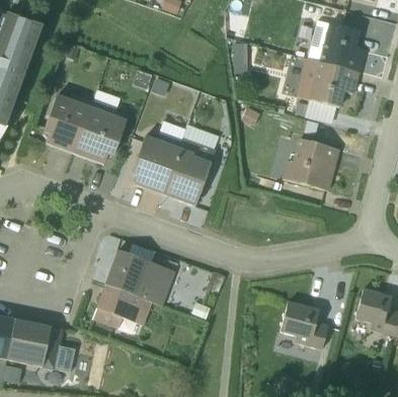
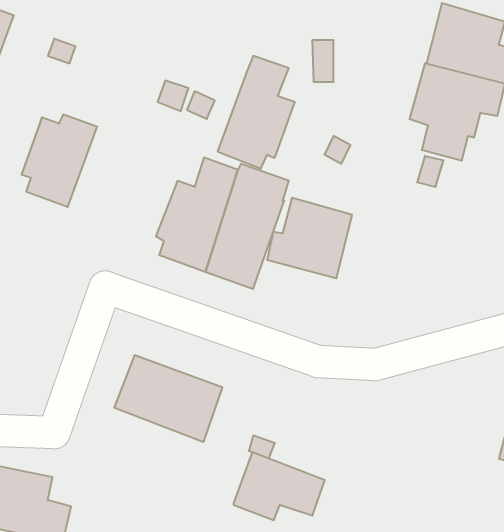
building: [73,89,124,163] -> [218,56,295,169]
building: [283,137,338,189] -> [267,198,352,278]
building: [91,284,151,328] -> [234,452,325,520]
building: [280,300,328,347] -> none

